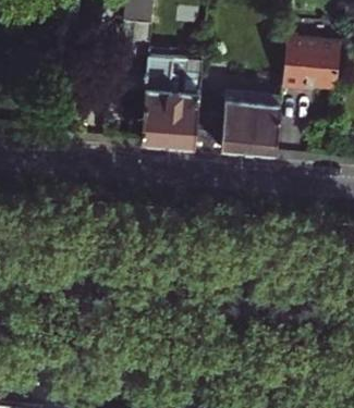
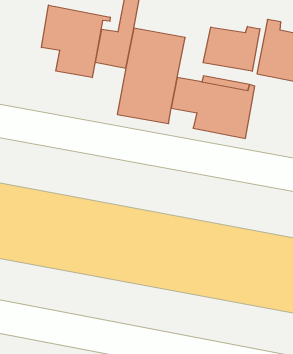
building: none -> [42,5,110,78]
building: none -> [203,26,260,71]

